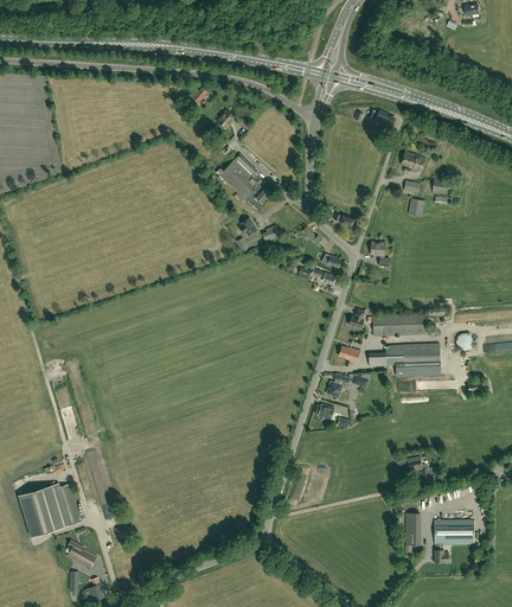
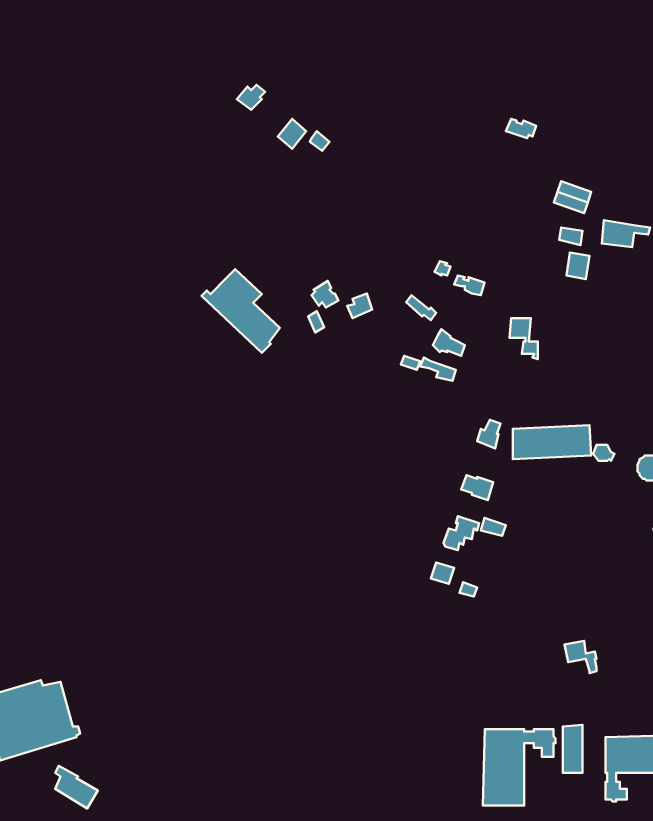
building: [217,154,269,210] -> [201,269,280,353]
building: [369,343,441,375] -> none
building: none -> [483,729,555,805]

